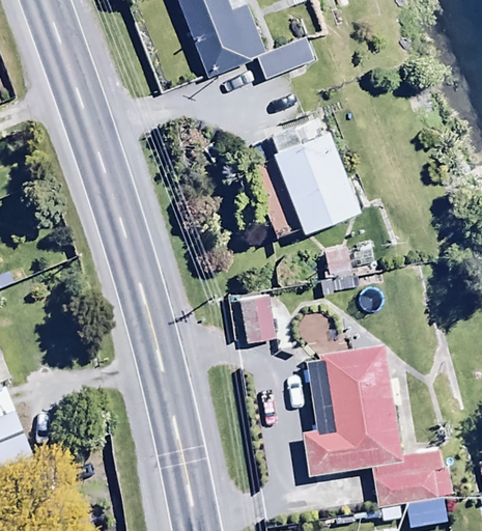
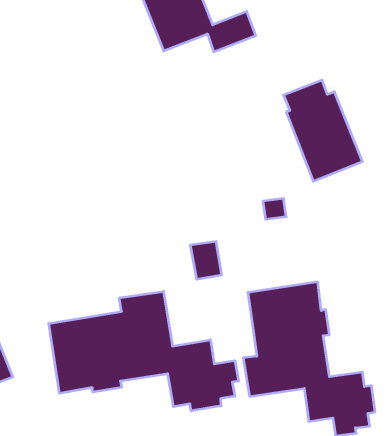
building: [271,115,362,232] -> [283,80,362,181]
building: none -> [49,291,239,411]

